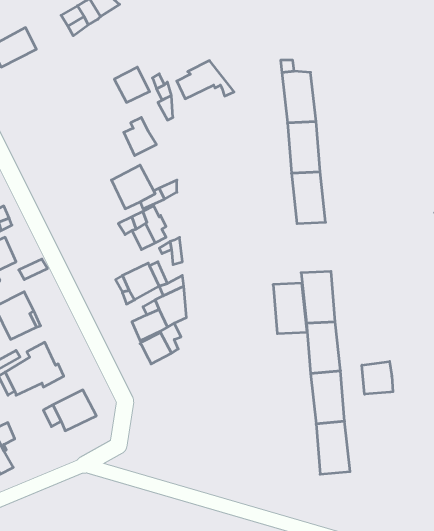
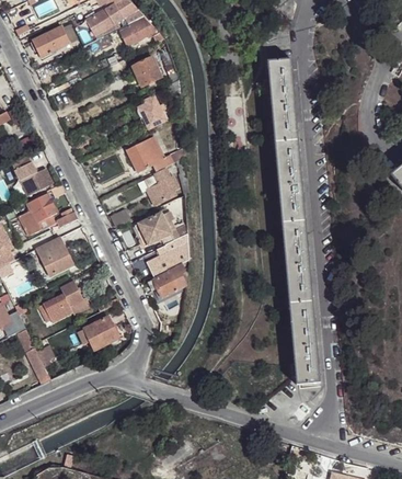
building: [177,61,234,99] -> [118,14,164,45]
building: [273,283,307,334] -> [279,182,307,223]
building: [362,361,393,394] -> none

